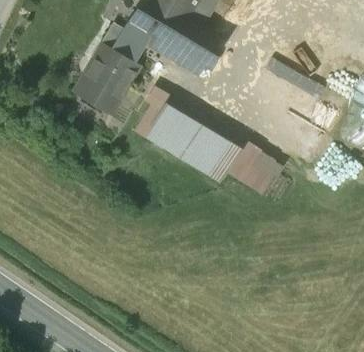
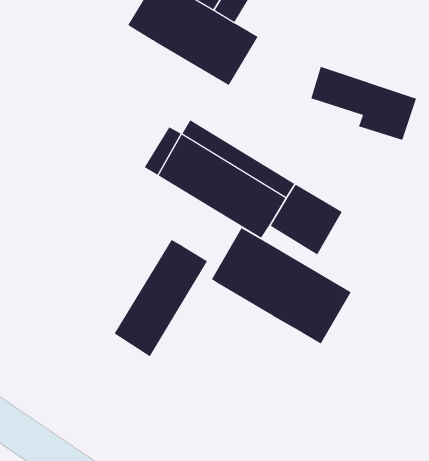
building: [75,30,143,113] -> none
building: none -> [211,227,351,344]
building: none -> [114,239,208,357]

